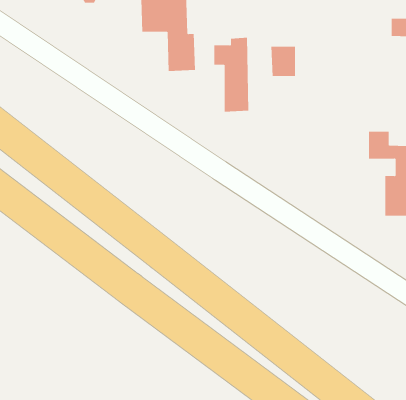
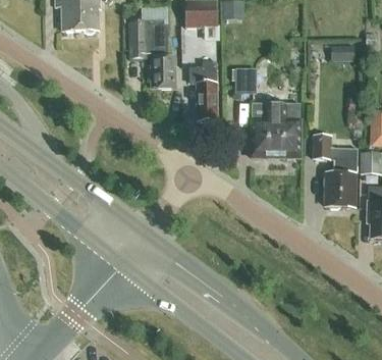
building: none -> [252,103,302,156]

